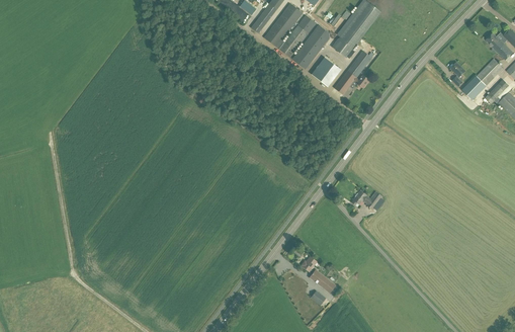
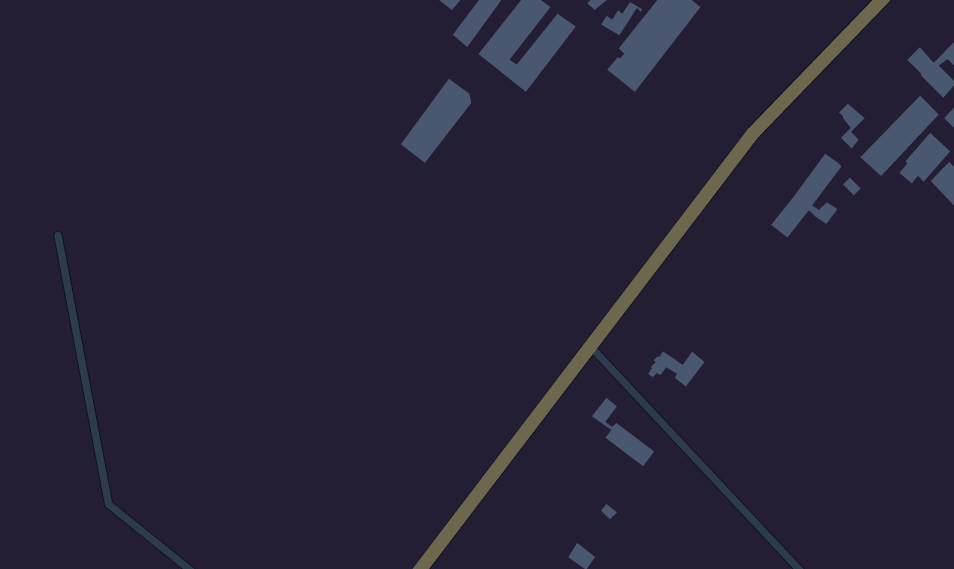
building: [292,24,330,69] -> [400,78,472,164]
building: [334,50,371,94] -> [770,153,842,239]
building: [312,57,341,86] -> none
building: [303,256,336,293] -> [591,397,655,467]

